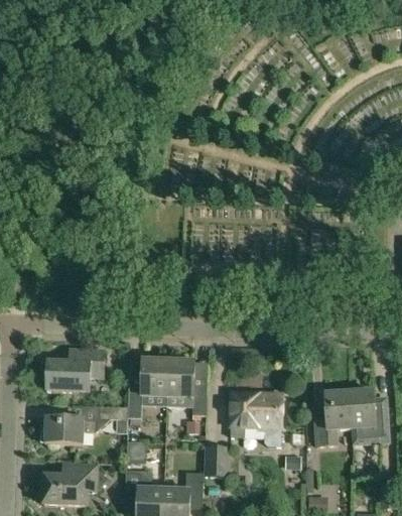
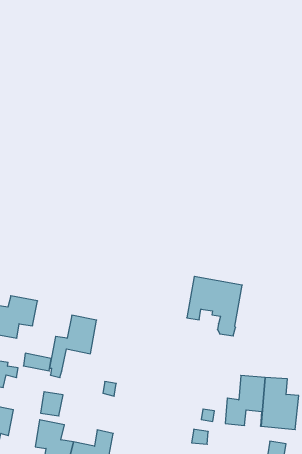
building: [167,360,207,413] -> none
building: [231,392,282,446] -> [187,276,242,336]
building: [205,445,231,478] -> none

